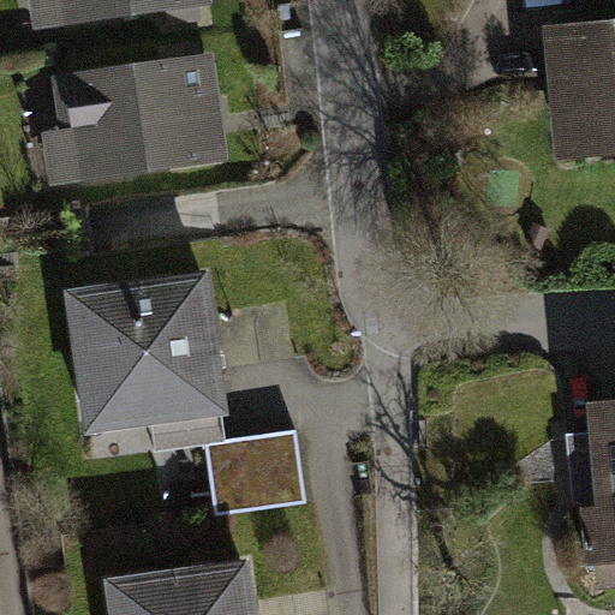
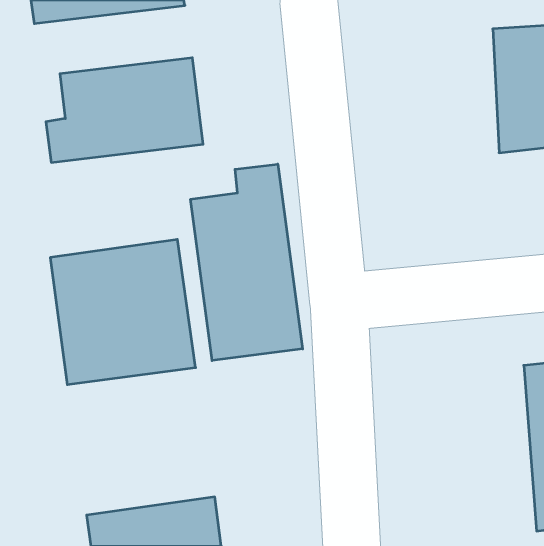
building: none -> [191,164,303,361]
building: [199,431,299,513] -> none

